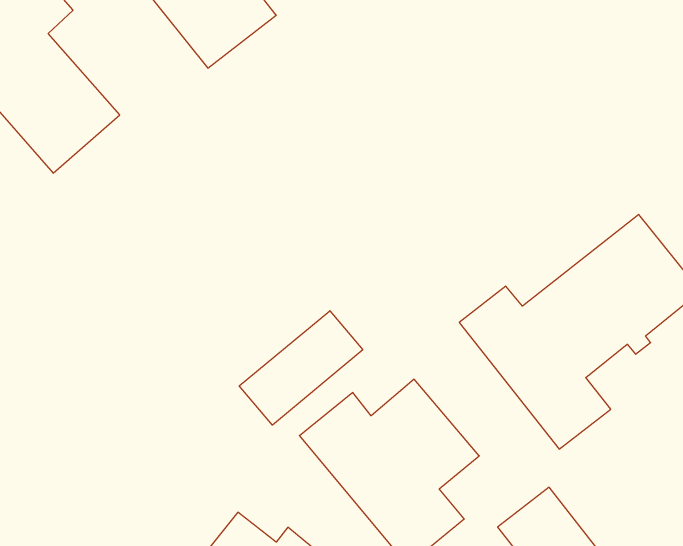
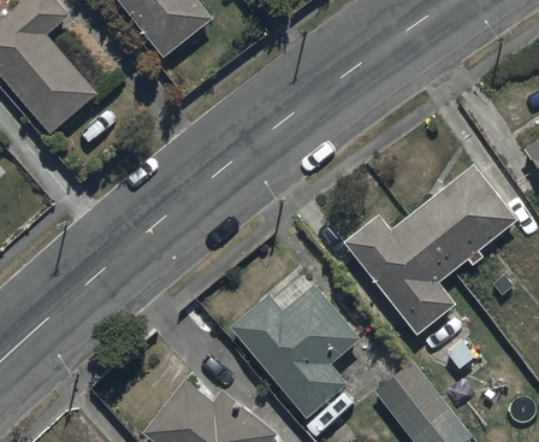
building: [239,311,363,425] -> none

